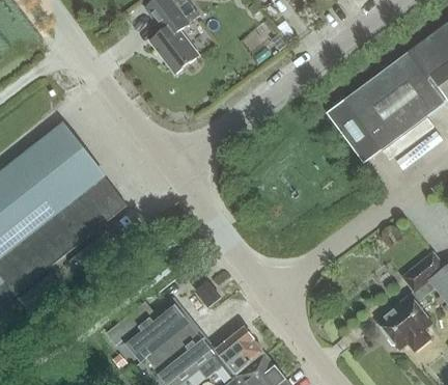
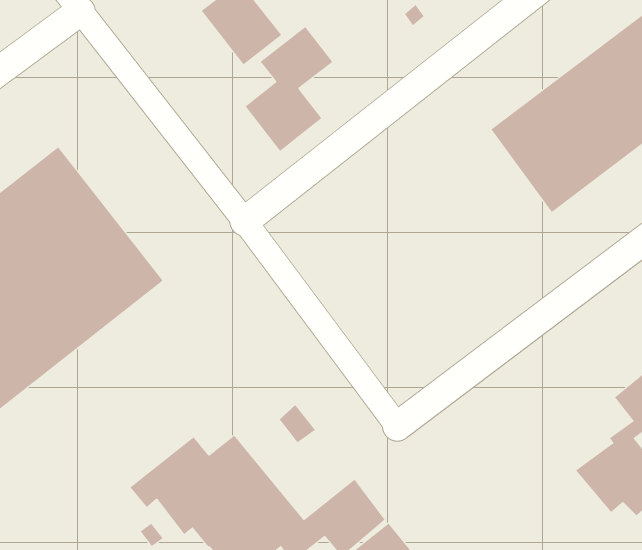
building: none -> [245,26,333,152]

